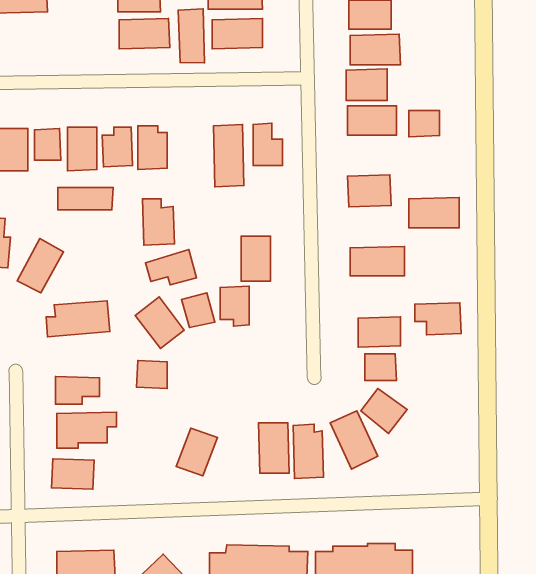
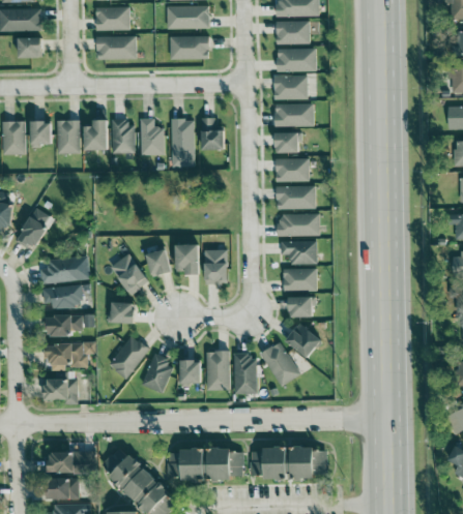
building: [178,9,205,63] -> none
building: none -> [18,37,41,58]
building: [409,110,439,137] -> [276,132,299,153]
building: [58,188,113,210] -> none
building: [409,197,459,228] -> [277,185,316,209]
building: [143,199,175,245] -> [140,118,165,154]
building: [241,236,270,281] -> [205,249,228,284]
building: [146,250,196,285] -> none
building: [415,303,461,335] -> [281,240,317,265]
building: none -> [42,283,83,309]
building: none -> [109,334,149,379]
building: none -> [180,360,202,385]

